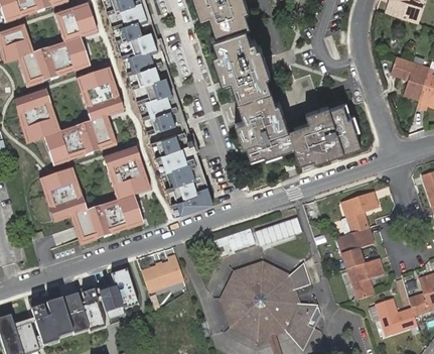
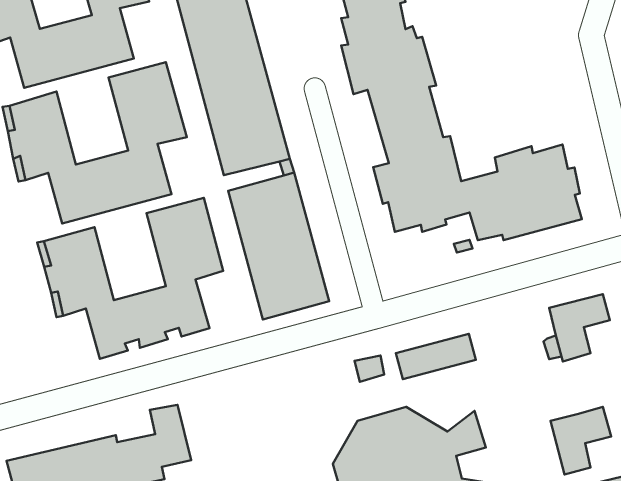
building: [338,224,375,265] -> none
building: [142,256,185,291] -> none

